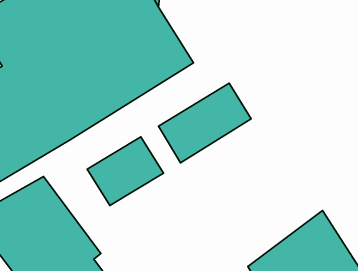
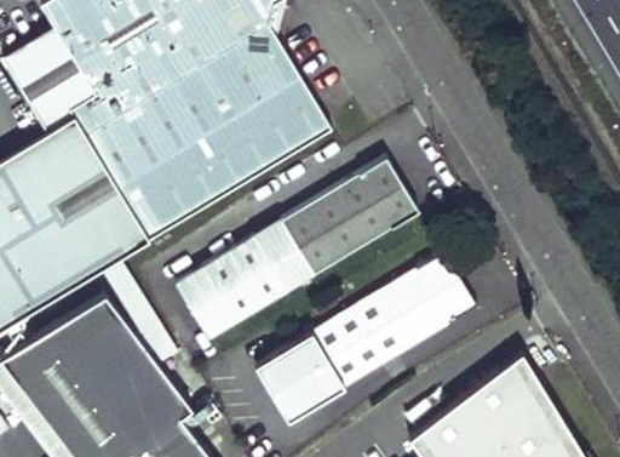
building: none -> [251,222,310,292]
building: none -> [253,251,473,423]

